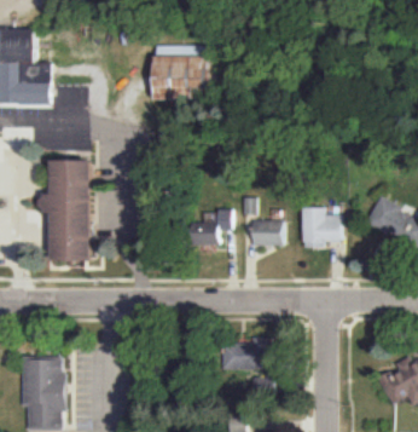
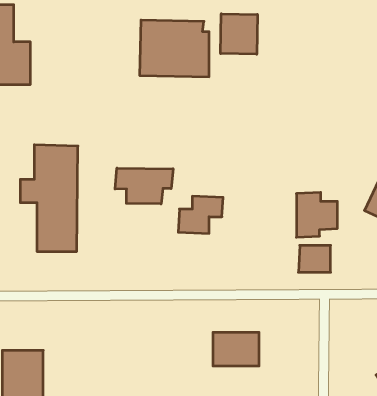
building: none -> [221,14,257,54]
building: none -> [115,168,173,204]
building: [250,219,280,244] -> [298,245,331,272]

